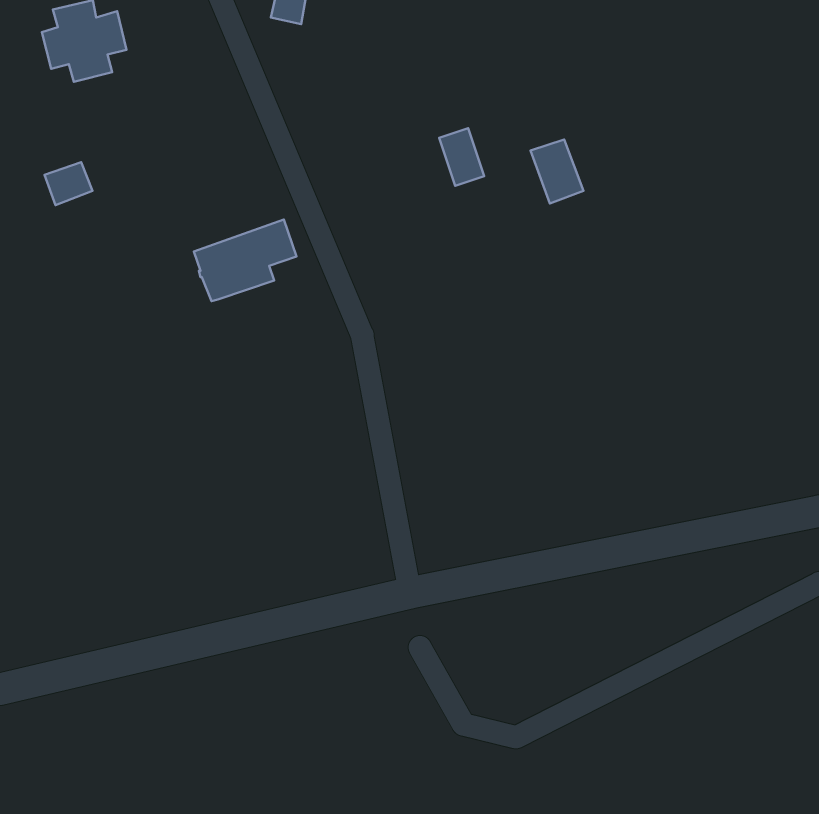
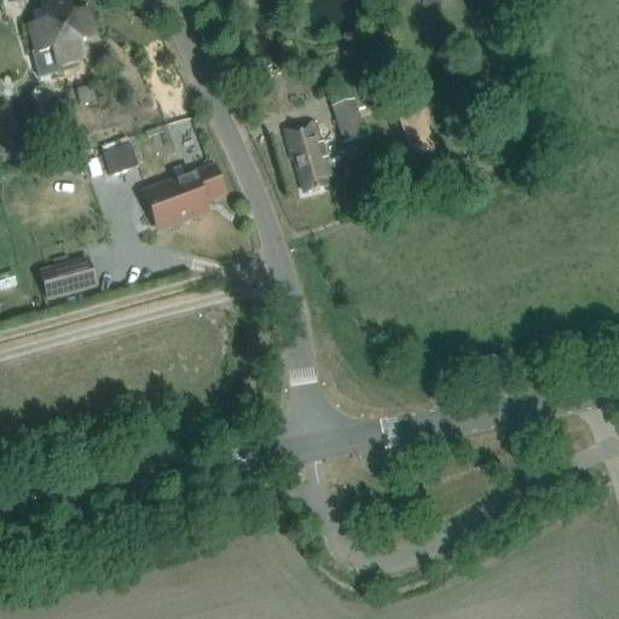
building: none -> [284,120,330,191]
building: [44,162,92,205] -> [102,143,138,175]
building: none -> [40,258,94,297]

